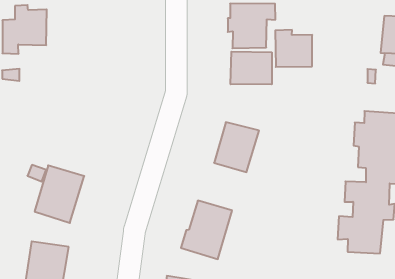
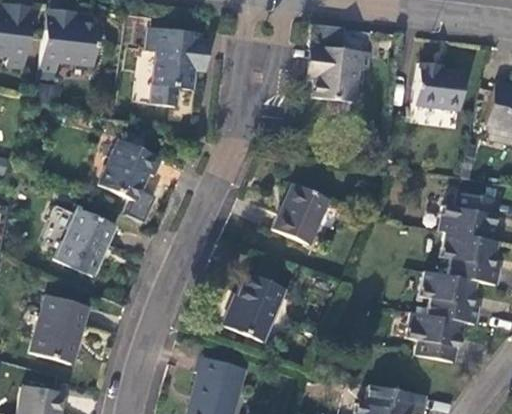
building: none -> [148,26,203,107]
building: [275,30,312,67] -> [416,61,464,109]
building: [231,52,272,84] -> none
building: none -> [98,137,162,202]

